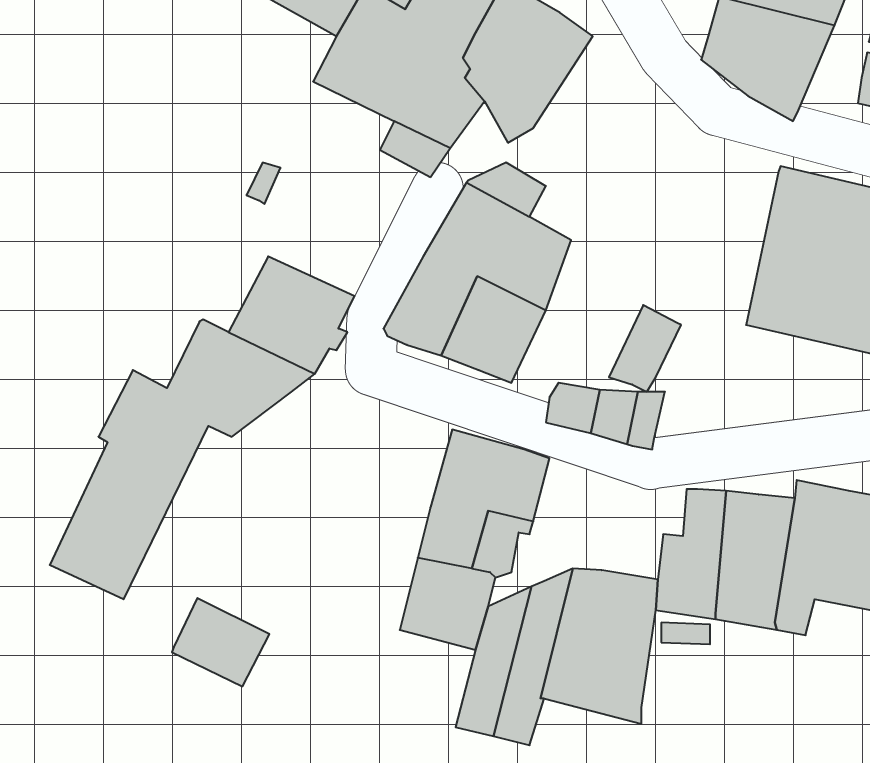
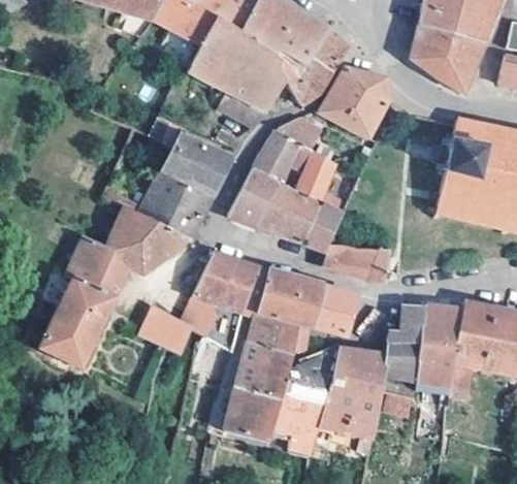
building: none -> [317,69,389,137]
building: none -> [163,134,232,194]
building: [609,305,681,392] -> [302,202,344,252]
building: none -> [193,252,268,350]
building: none -> [313,287,355,337]
building: [172,598,269,686] -> [139,305,195,356]
building: none -> [227,385,282,441]

